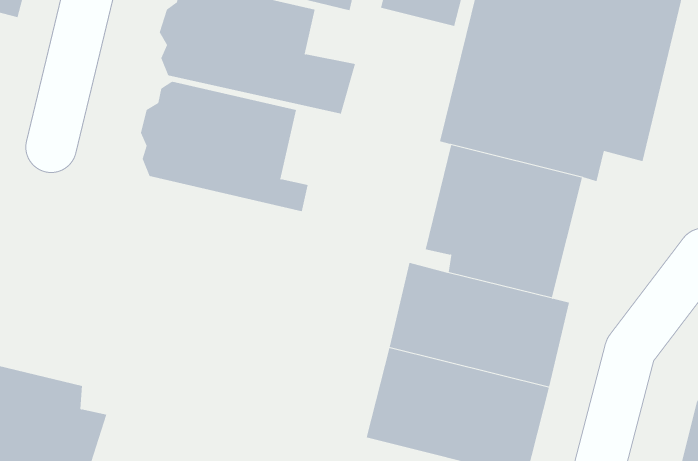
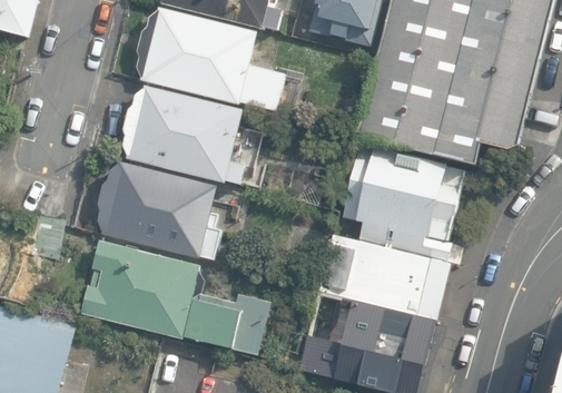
building: none -> [95,159,225,259]
building: none -> [82,237,273,354]

